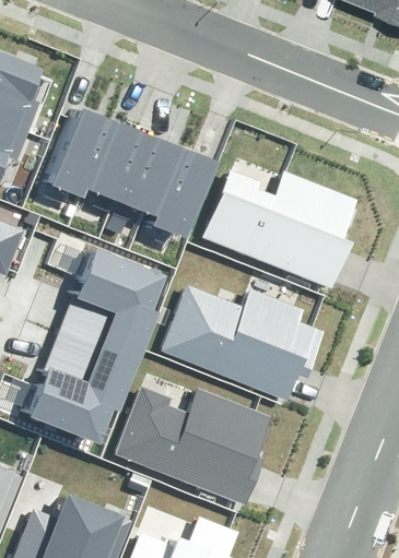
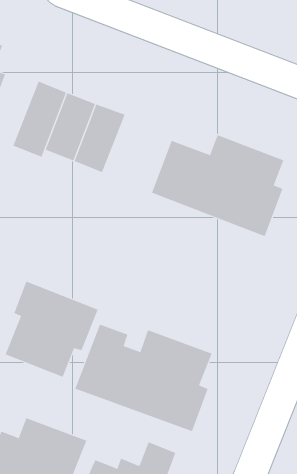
building: [142,145,204,233] -> none
building: [58,252,166,368] -> none
building: [159,284,316,394] -> none

